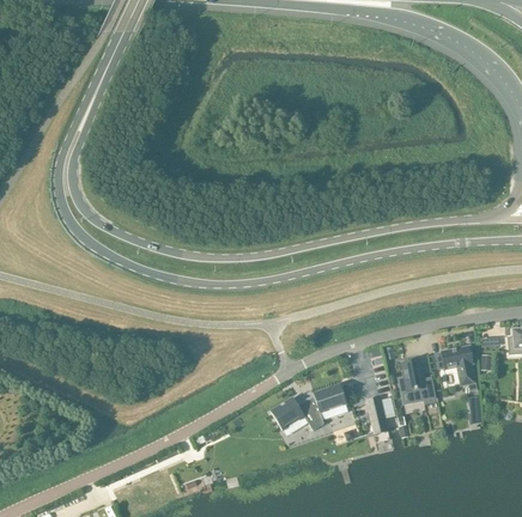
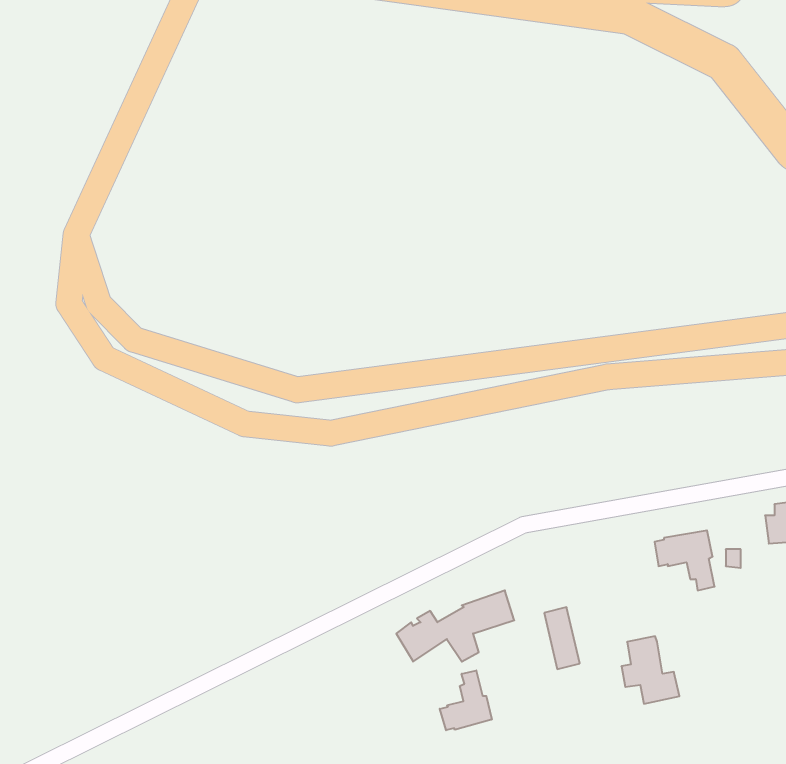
building: [399,359,436,402] -> [621,636,679,704]
building: none -> [440,670,492,730]

